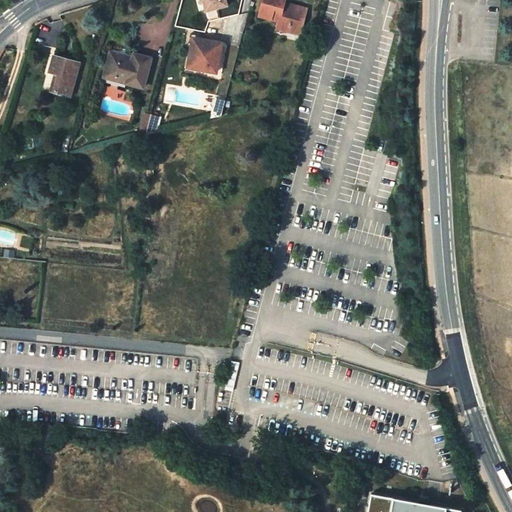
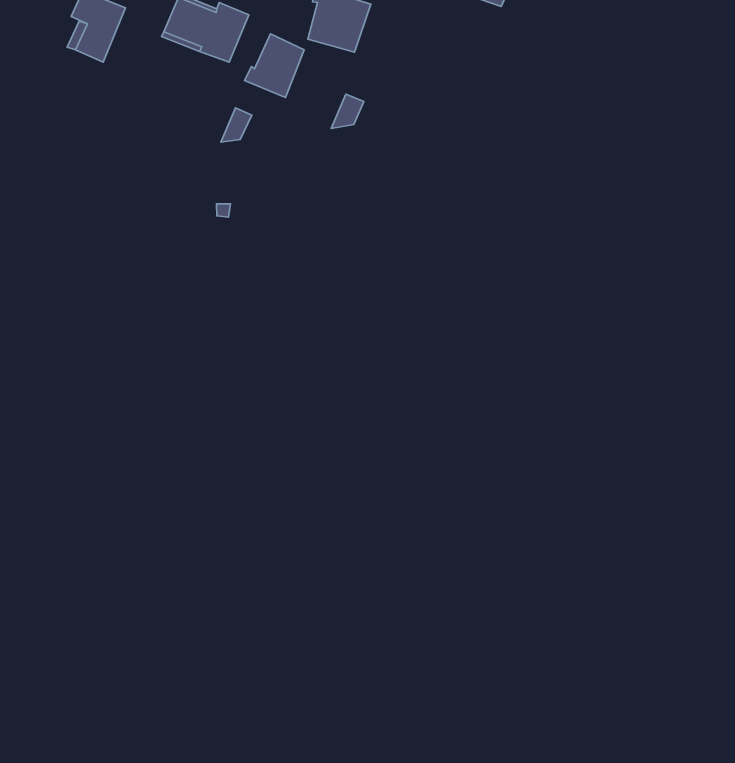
building: none -> [245,34,304,97]

